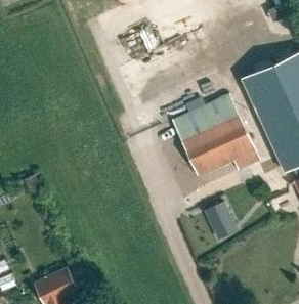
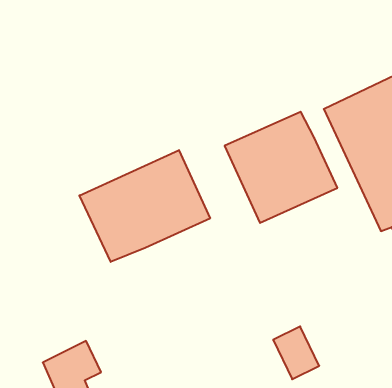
building: none -> [79,150,210,262]
building: [203,201,238,241] -> [273,326,319,379]

